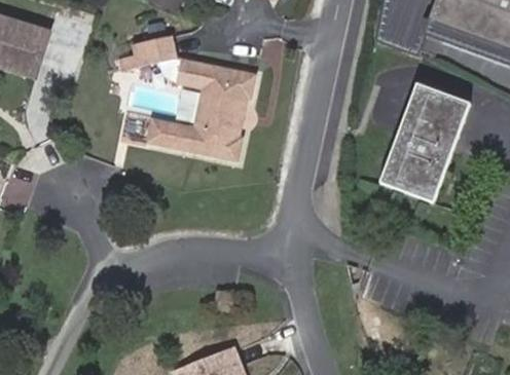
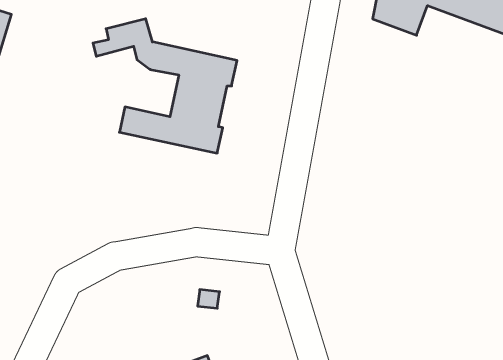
building: [384,81,475,199] -> none

